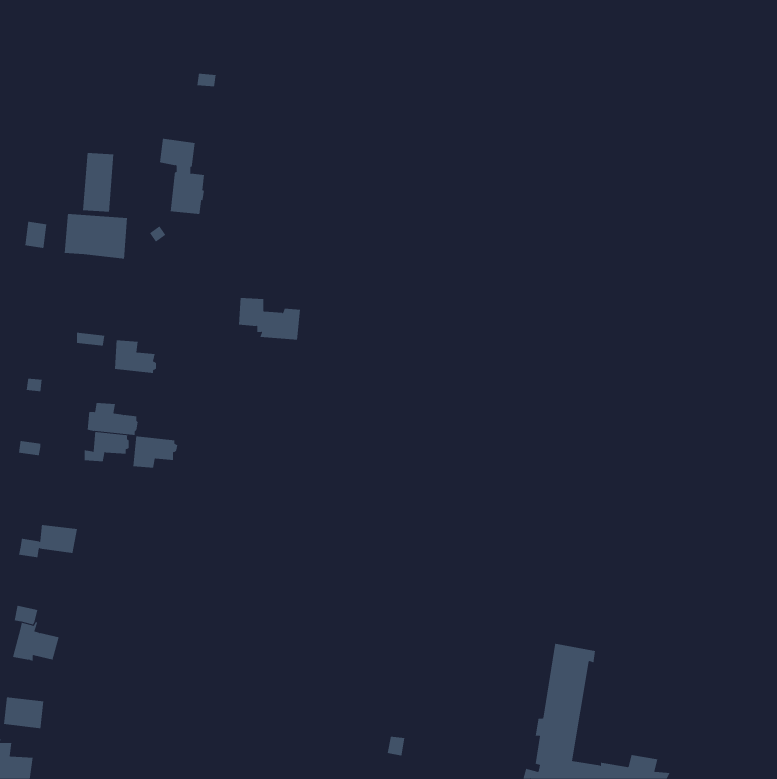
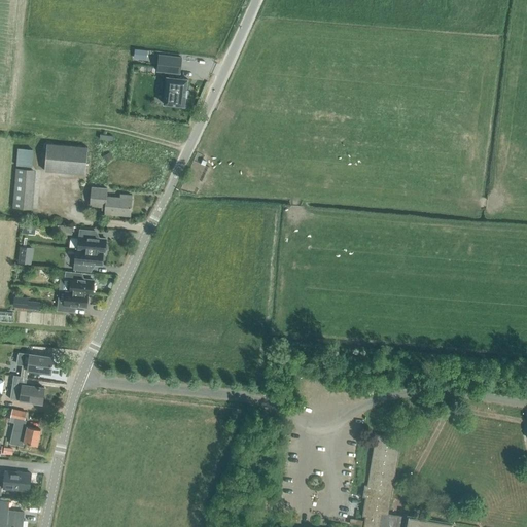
building: [159,138,205,214] -> [155,55,186,106]
building: [82,153,114,212] -> [12,169,34,209]
building: [238,297,301,340] -> [89,187,131,216]
building: [133,436,178,468] -> [73,249,104,271]
building: none -> [9,375,43,405]

